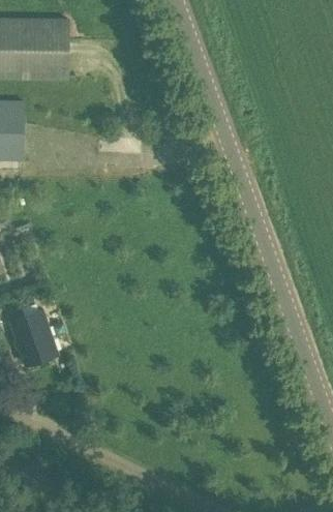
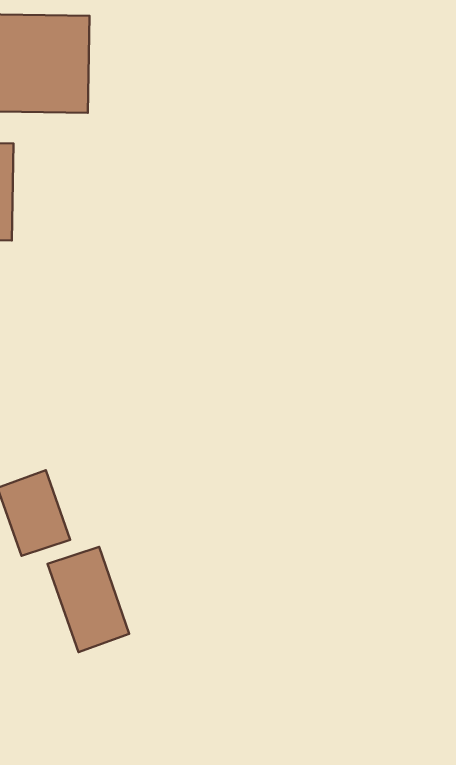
building: none -> [47,547,129,652]

